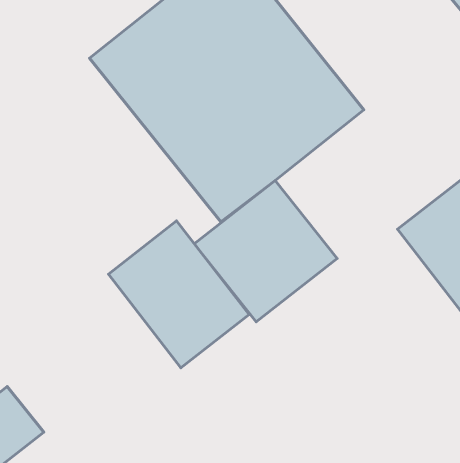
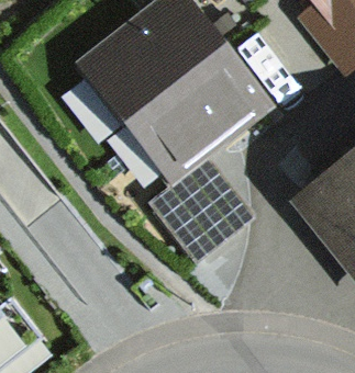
building: [108,221,249,368] -> none

